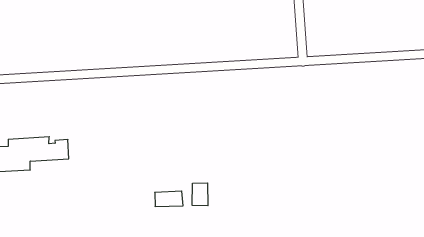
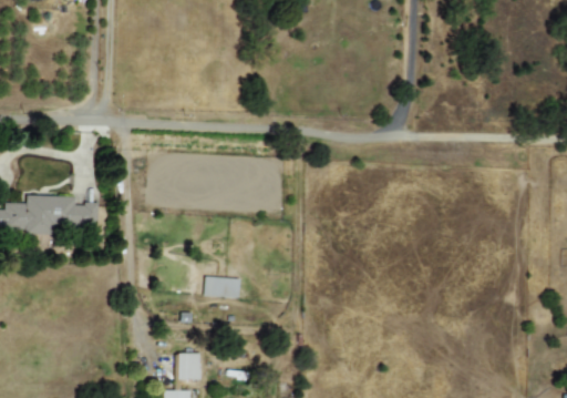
building: [192,183,208,206] -> none

